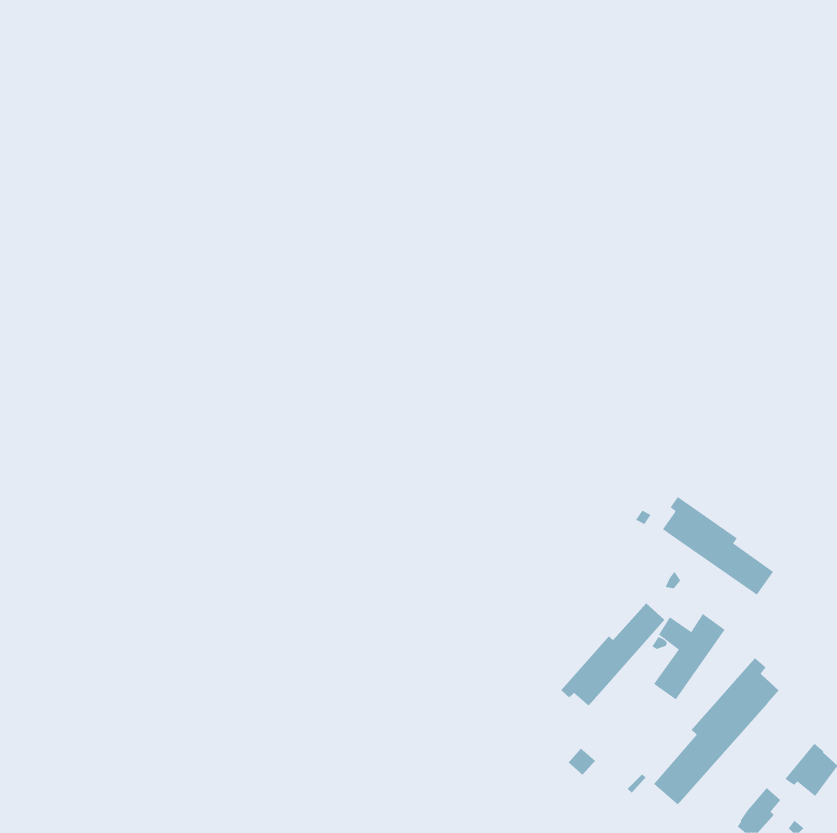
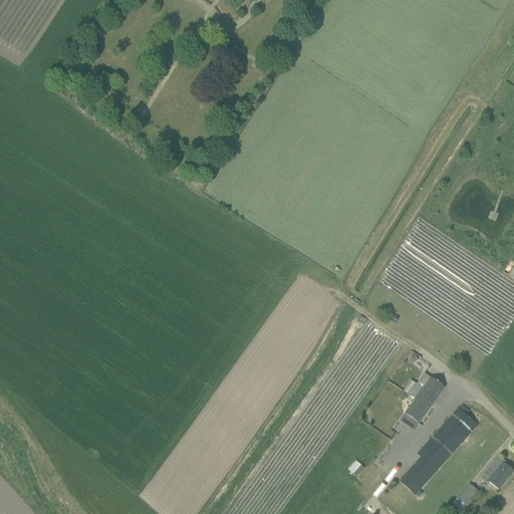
building: [662,496,774,596] -> none
building: [560,603,665,707] -> none

